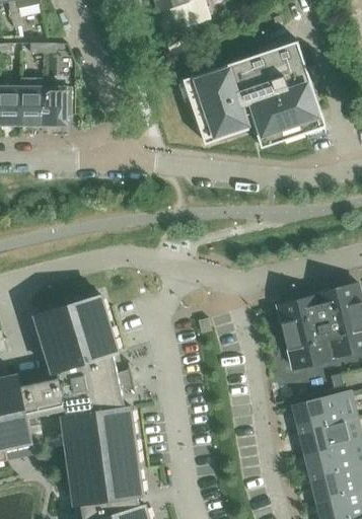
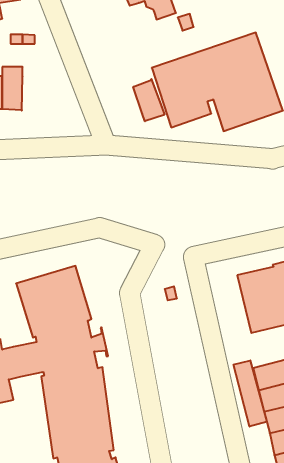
building: [42,88,70,126] -> none
building: none -> [133,79,164,121]
building: none -> [234,360,267,427]

